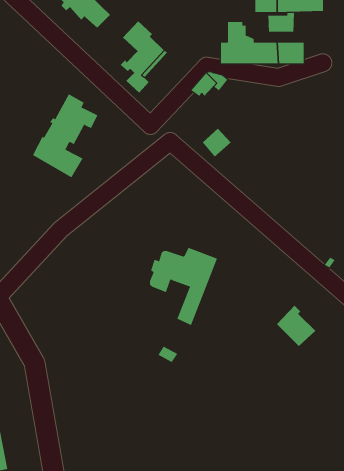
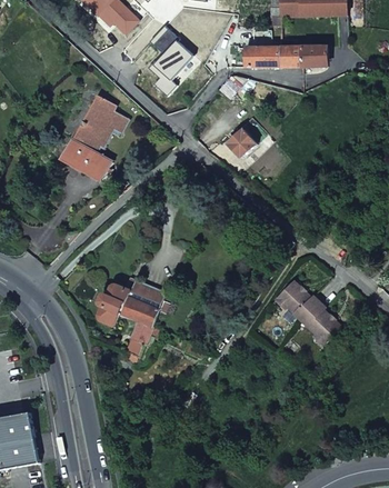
building: [268,12,294,32] -> none
building: [149,247,218,326] -> [97,280,163,357]
building: none -> [276,280,317,320]

